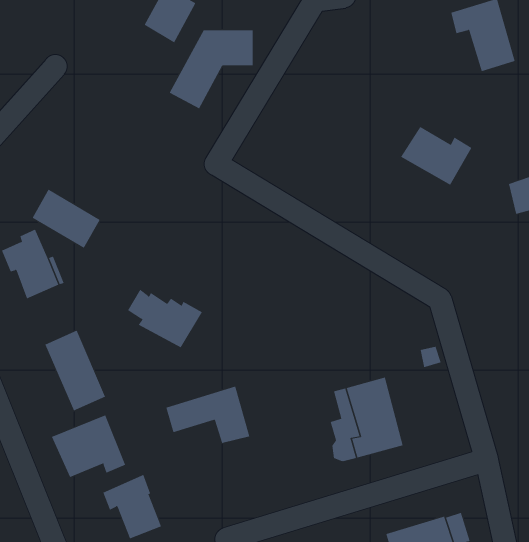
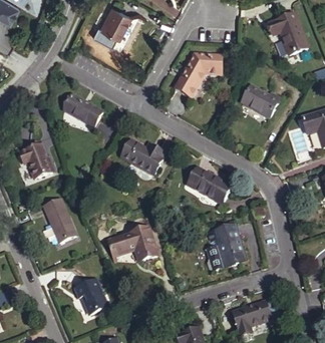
building: [169,30,254,109] -> [175,54,222,98]
building: [32,189,101,249] -> [63,94,101,127]
building: none -> [187,169,230,205]
building: [127,289,203,348] -> [123,141,166,175]
building: [51,415,126,478] -> none

